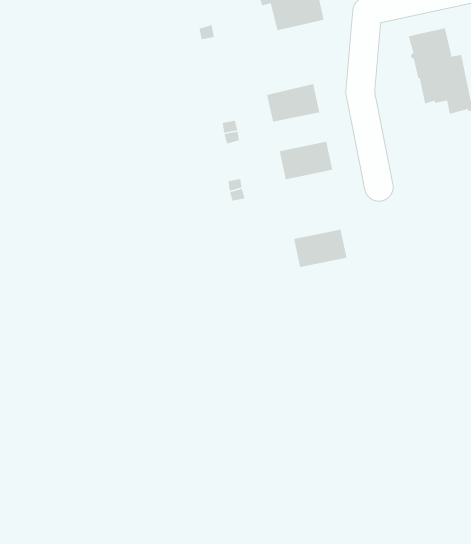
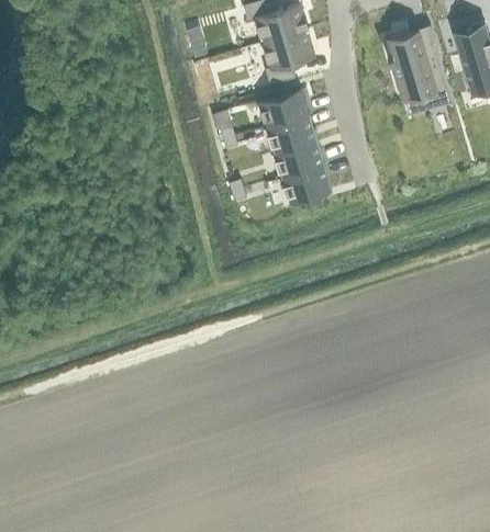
building: none -> [264,29,314,83]
building: none -> [266,113,316,150]
building: [293,229,347,268] -> [281,165,332,203]

